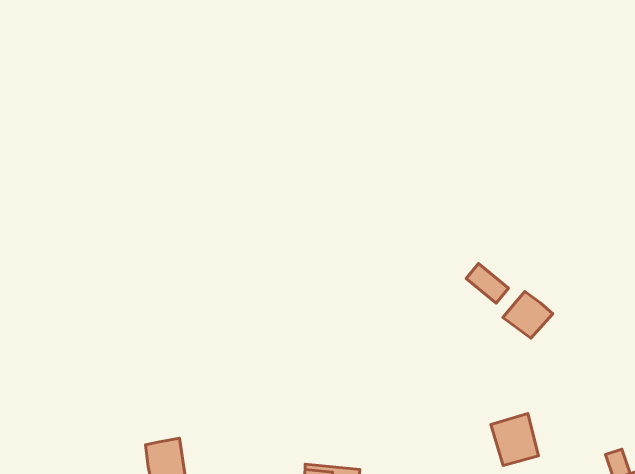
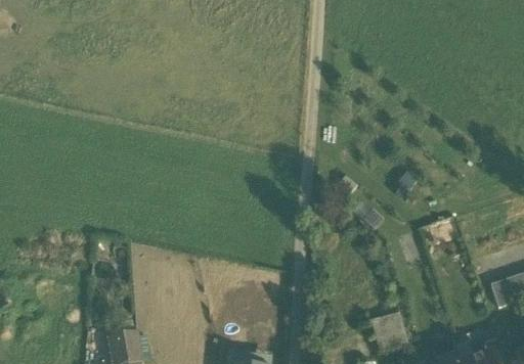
building: [503,292,553,338] -> none

